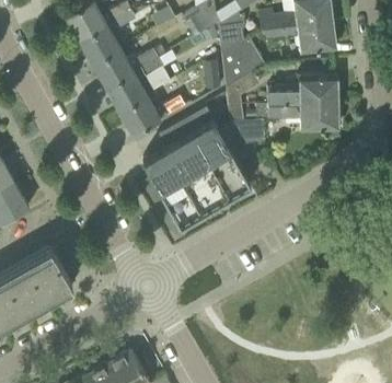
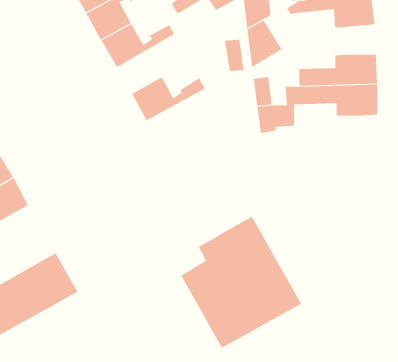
building: [106,57,163,109] -> none
building: [142,106,250,223] -> [180,216,302,348]

